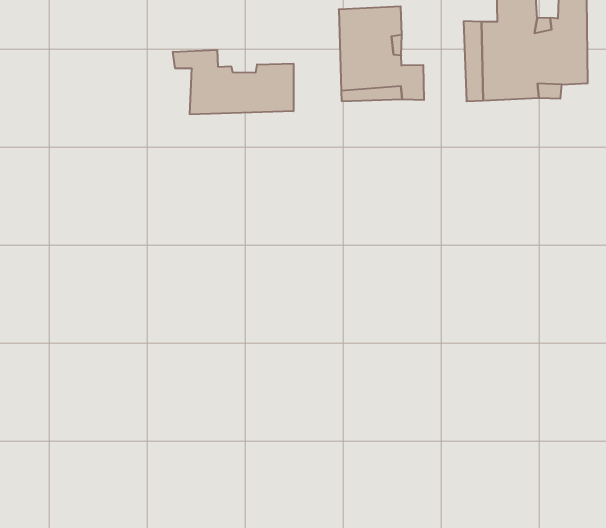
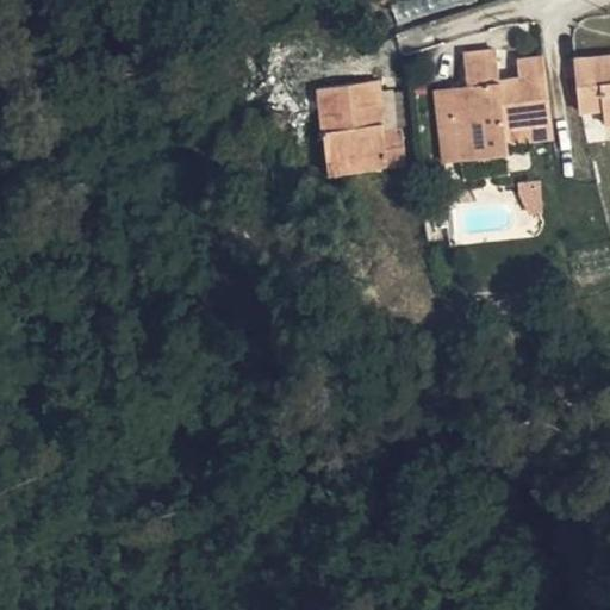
building: [173,50,293,114] -> none

